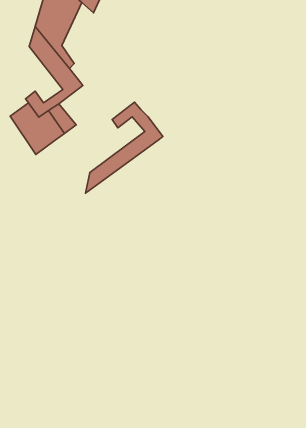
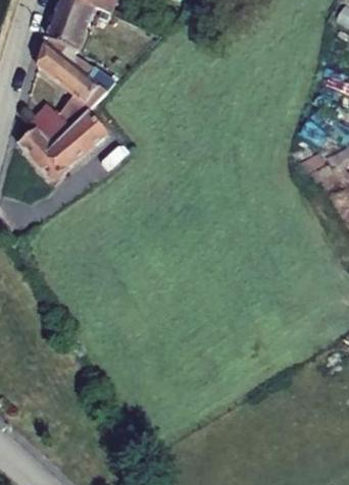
building: [86,102,163,193] -> none

